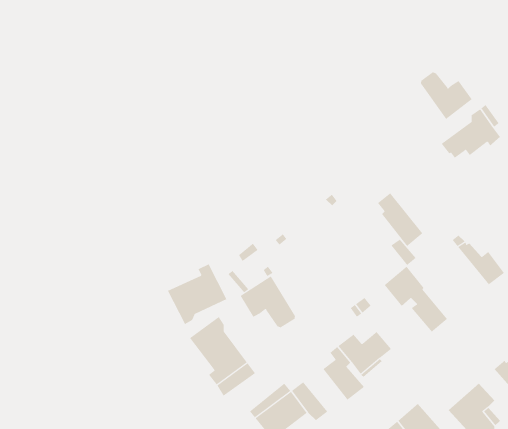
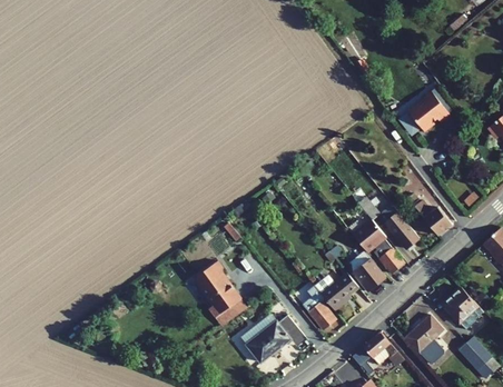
building: [420,72,472,120] -> none
building: [377,192,423,247] -> [382,205,420,249]
building: [167,264,227,325] -> none
building: [240,275,295,328] -> none
building: none -> [352,250,386,290]

